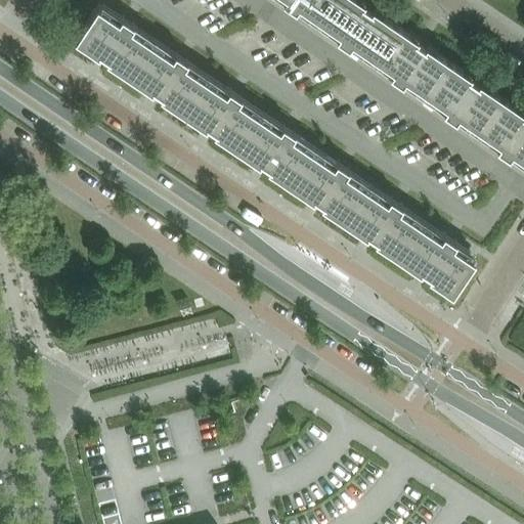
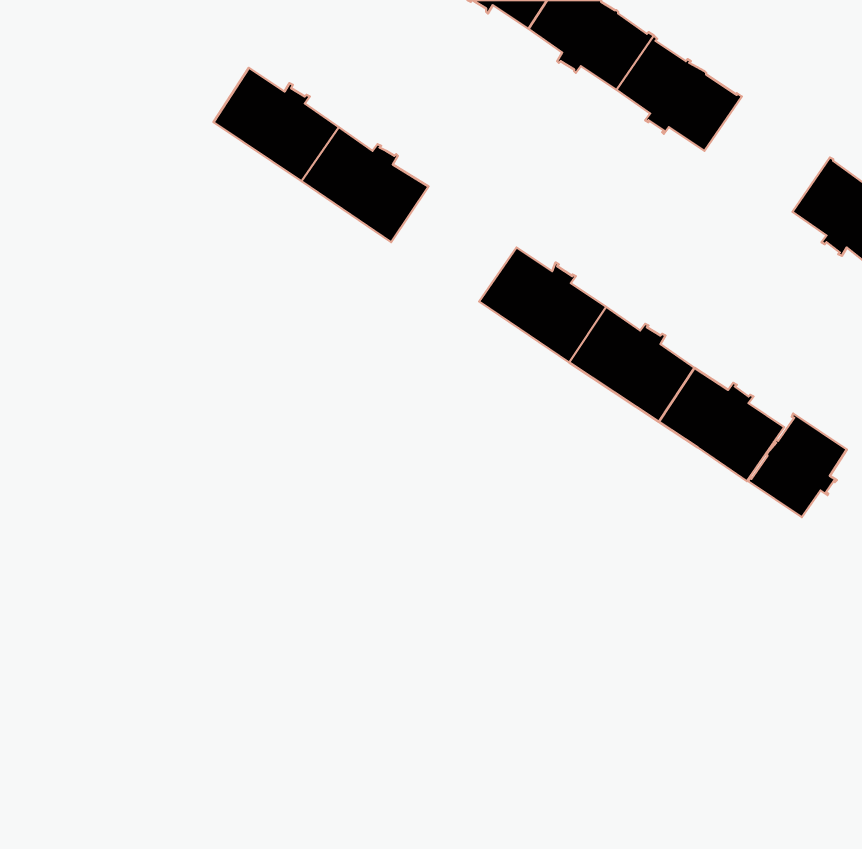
building: [77,14,152,84] -> none
building: [428,69,504,138] -> none
building: [238,123,314,192] -> none
building: none -> [748,413,847,517]

